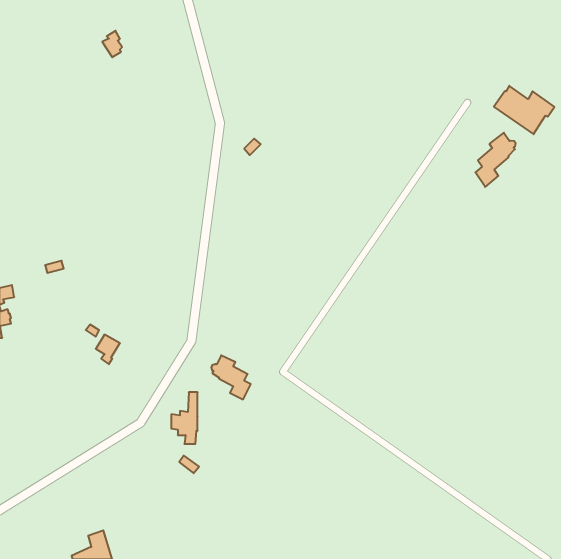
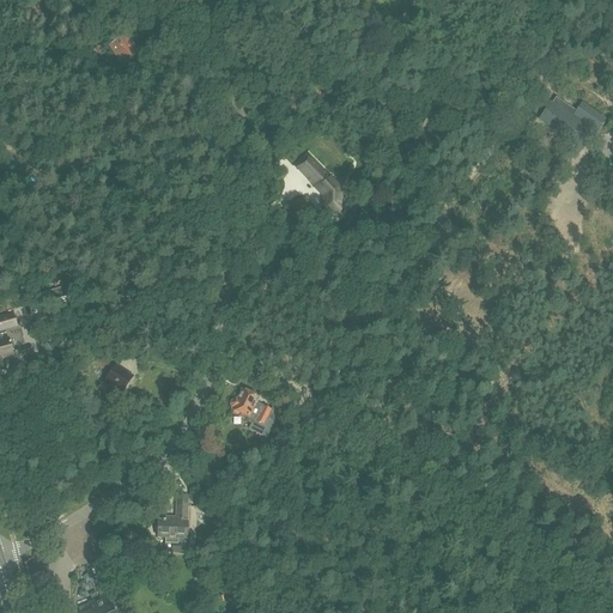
building: [475,133,516,187] -> none
building: none -> [296,153,341,208]
building: [171,392,198,444] -> [157,493,186,550]

